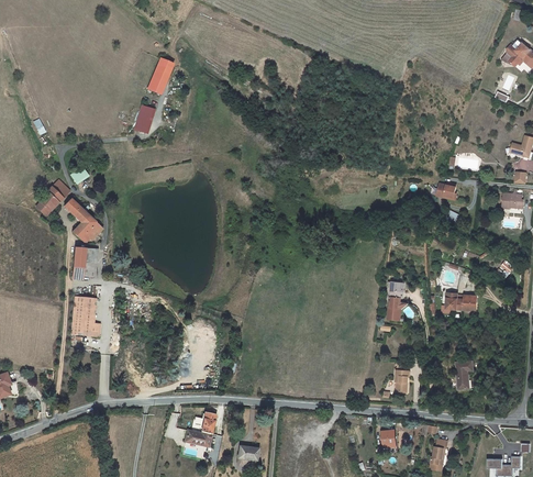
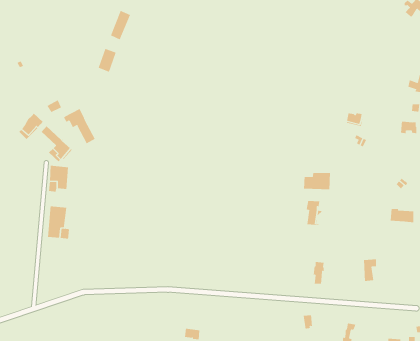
building: none -> [63,108,95,144]
building: none -> [303,172,330,190]
building: [446,293,476,311] -> [390,208,414,223]
building: [185,412,216,447] -> none

